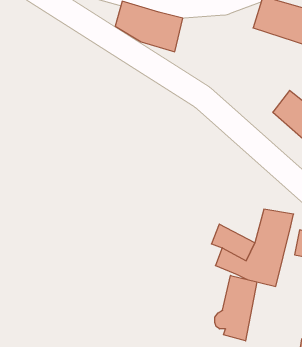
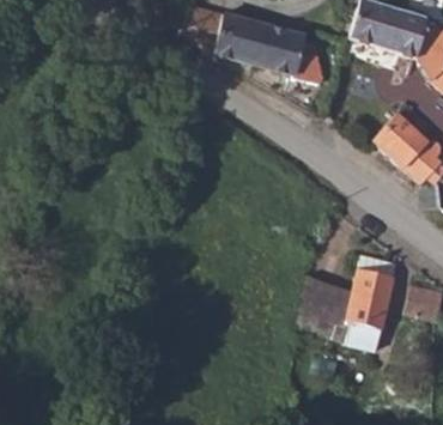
building: none -> [255,25,324,85]
building: [215,275,257,341] -> none

